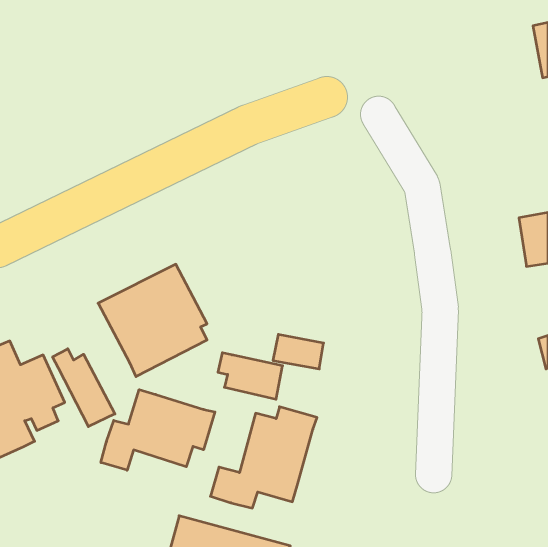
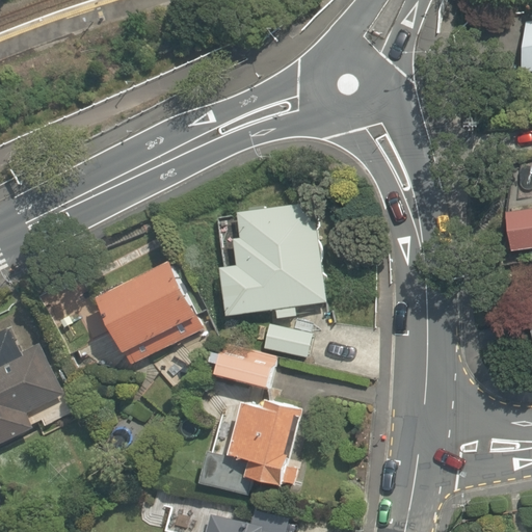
building: none -> [213,203,326,321]
building: [53,349,115,427] -> none
building: [101,390,215,470] -> none

